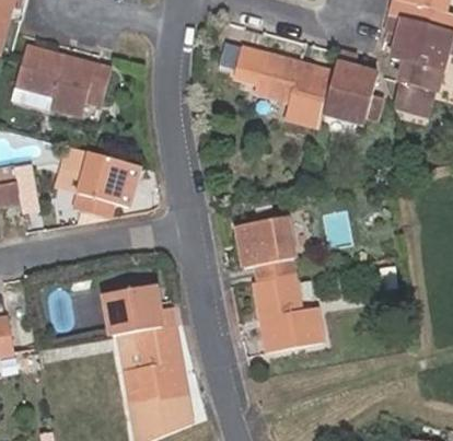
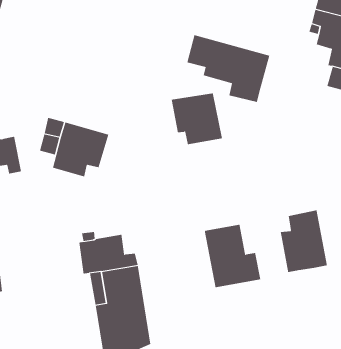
building: [16,44,112,116] -> none
building: [323,60,376,125] -> none
building: [236,219,299,281] -> [171,93,223,145]
building: none -> [280,210,327,273]

